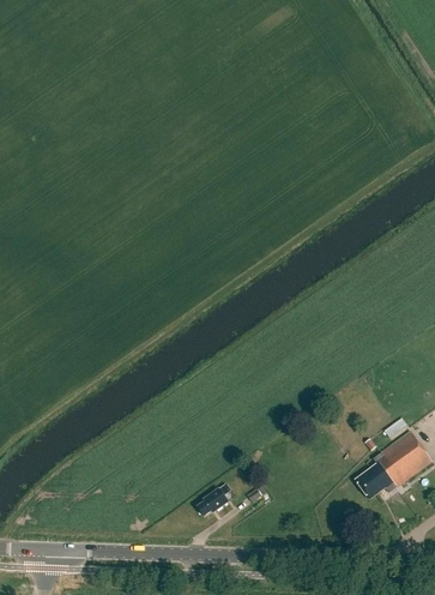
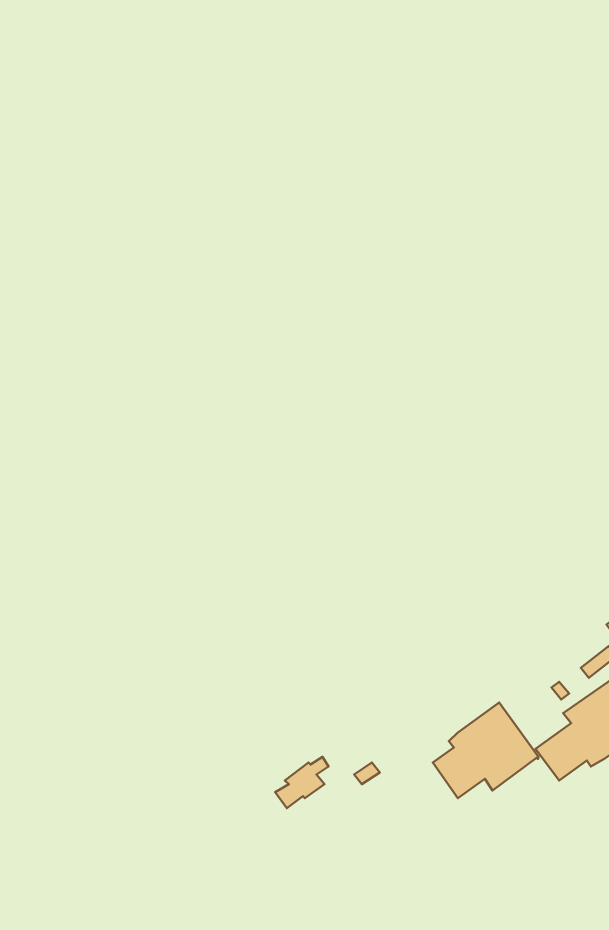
building: none -> [433,702,538,798]

